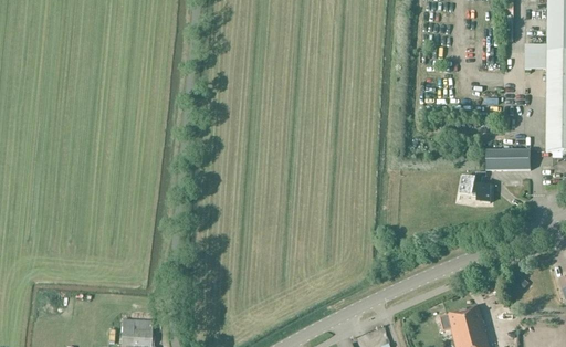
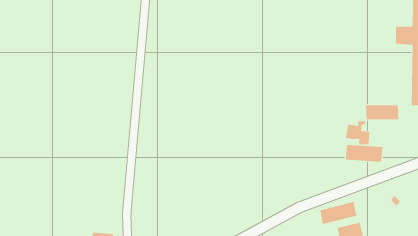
building: none -> [345,144,383,163]
building: none -> [320,201,357,225]

